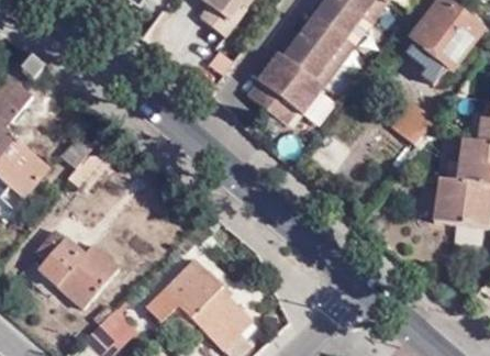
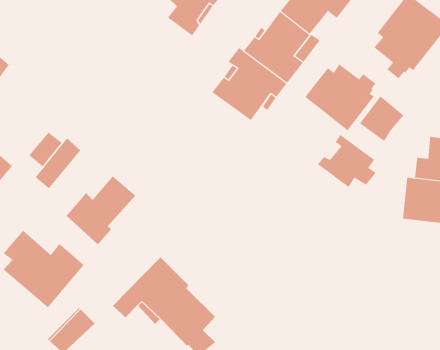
building: none -> [305,63,376,131]
building: none -> [317,134,376,188]
building: none -> [66,175,136,245]

